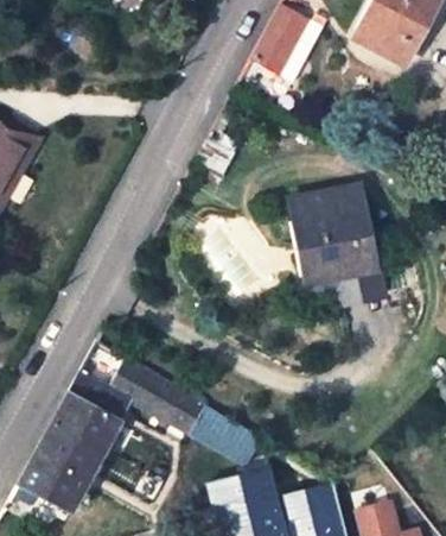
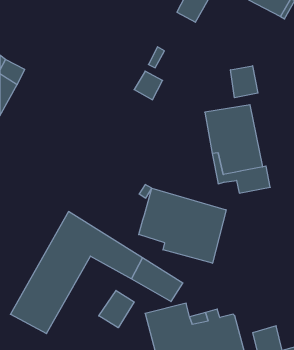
building: none -> [231,66,258,98]
building: none -> [139,188,226,263]
building: none -> [99,290,134,328]

